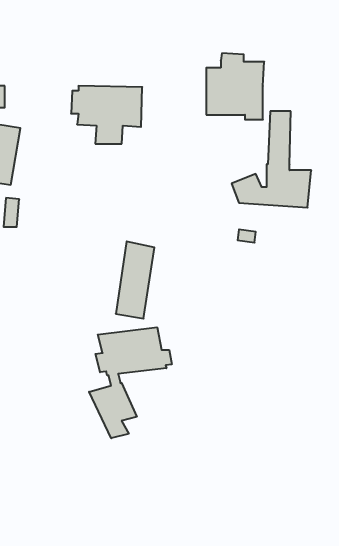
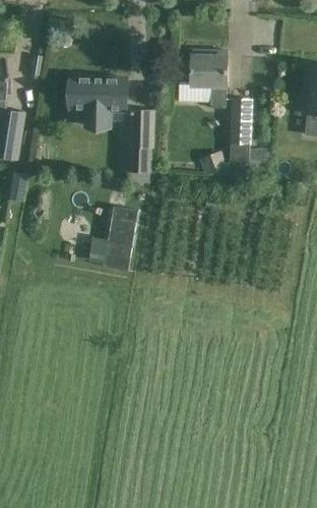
building: none -> [129,110,152,170]
building: [89,327,172,438] -> none

